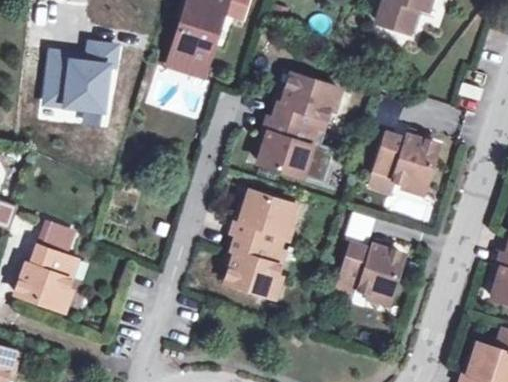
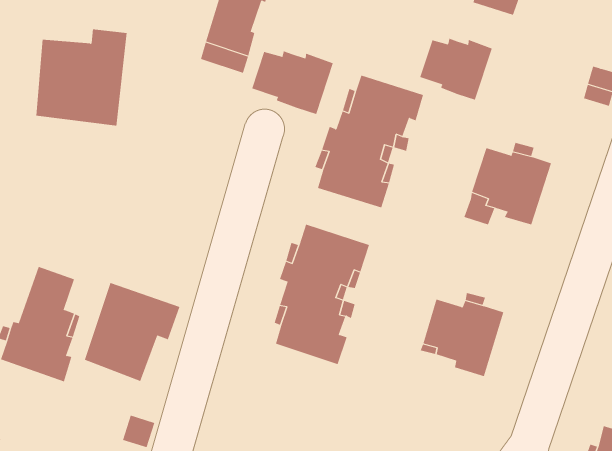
building: none -> [420,38,493,100]
building: none -> [252,50,334,115]
building: none -> [84,282,180,382]

